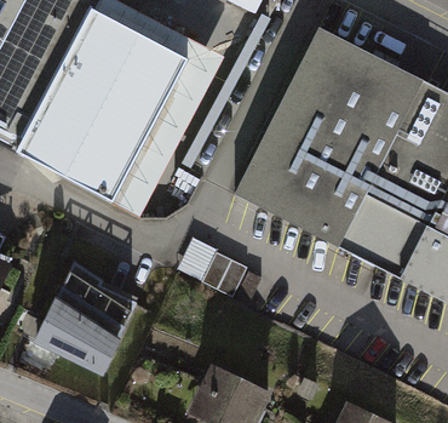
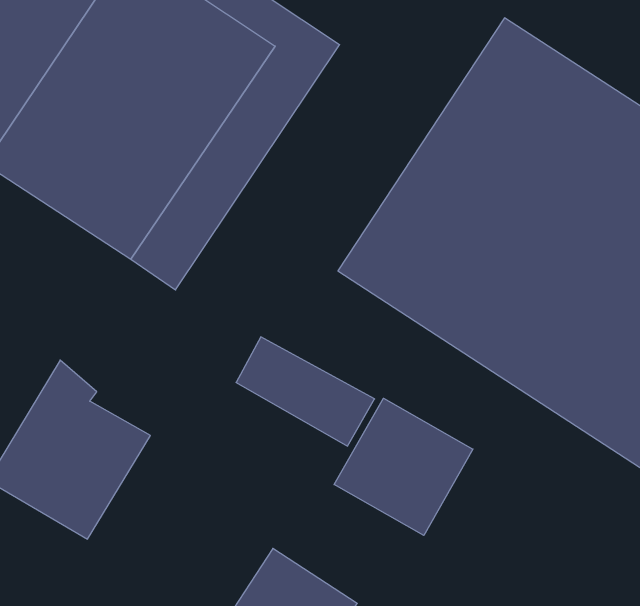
building: none -> [334,398,473,535]

